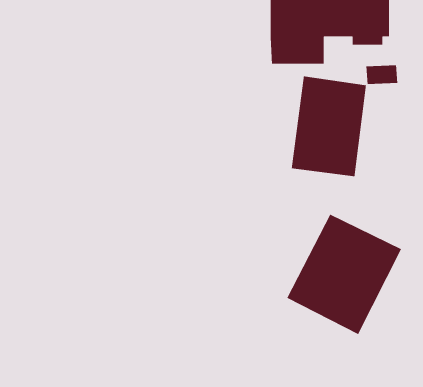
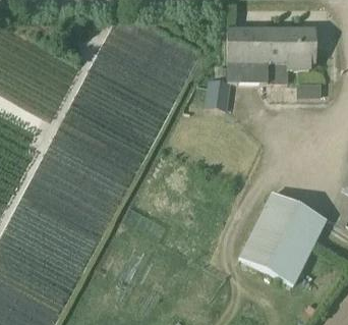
building: none -> [206,79,232,108]
building: [291,75,367,177] -> none

